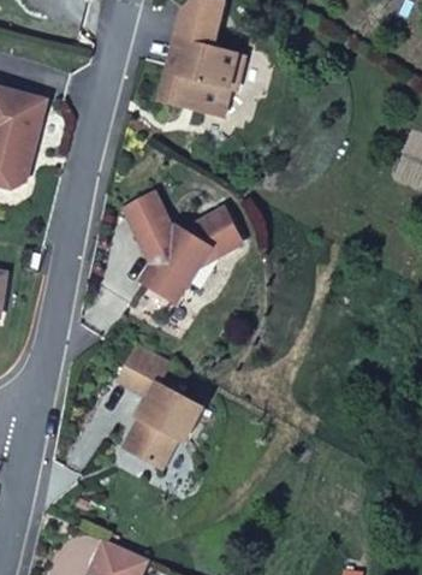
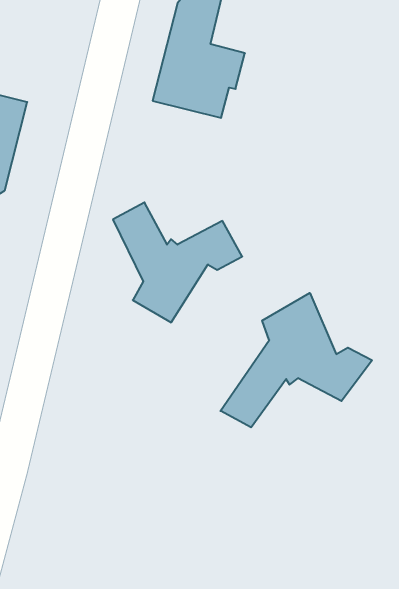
building: none -> [220,293,372,427]
building: [118,342,204,468] -> none

